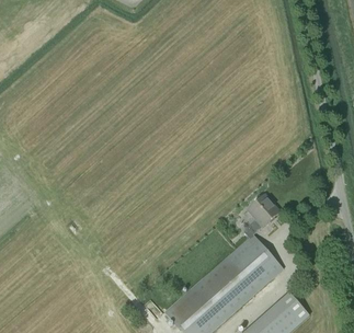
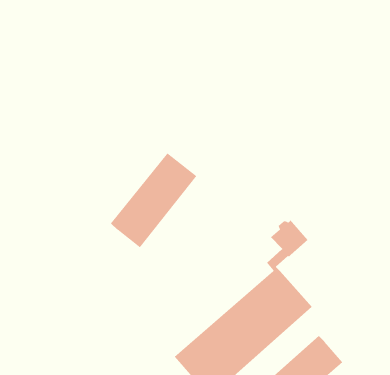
building: none -> [110,153,197,248]

